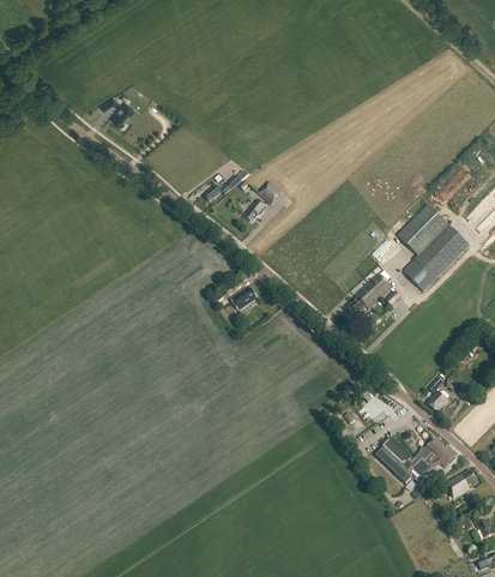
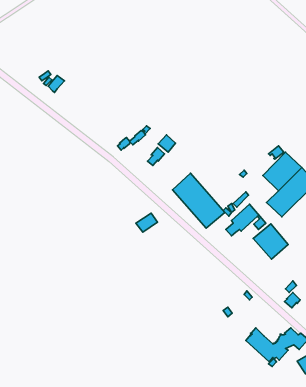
building: none -> [173,173,225,228]
building: none -> [253,224,288,259]

